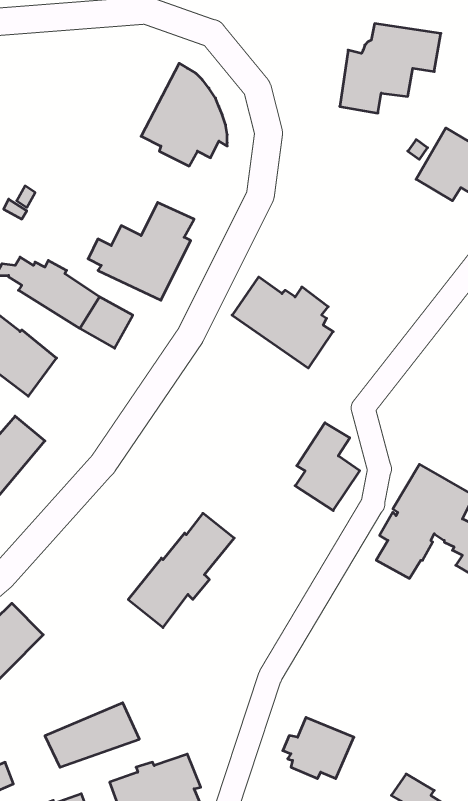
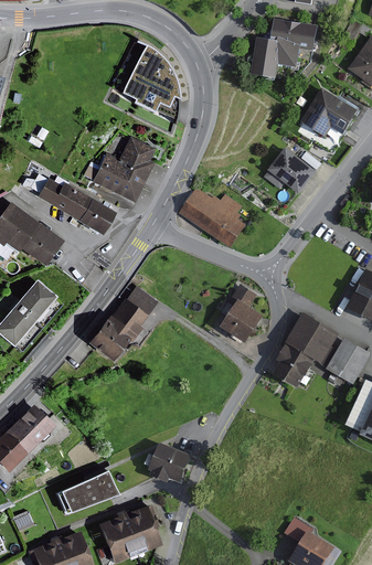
building: none -> [265,147,318,194]
building: [128,513,234,628] -> [87,286,158,362]
building: [283,717,354,779] -> [146,443,193,483]

